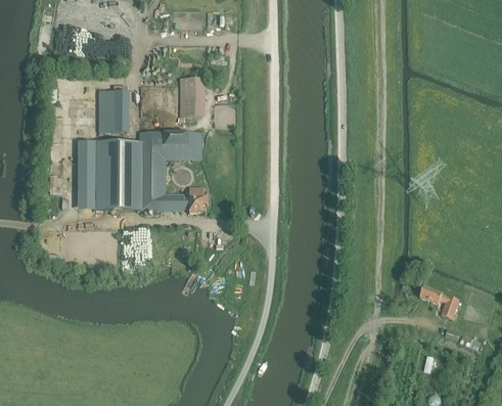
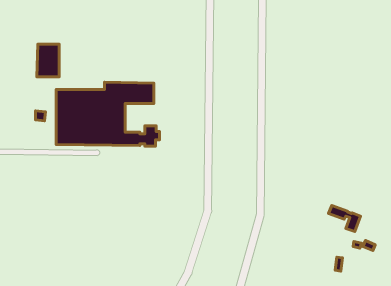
building: [181,79,201,117] -> none
building: [99,90,127,131] -> [37,44,59,77]

